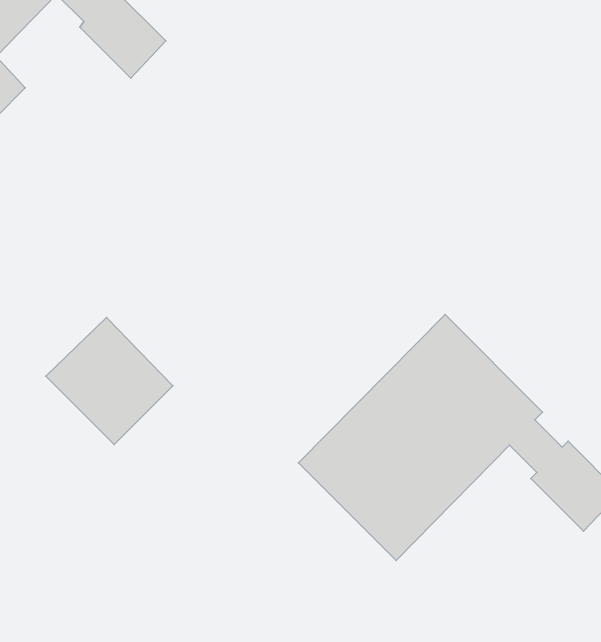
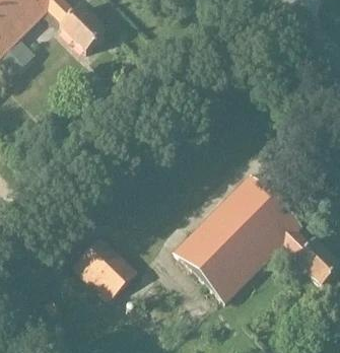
building: [46,318,173,444] -> [72,234,138,300]

